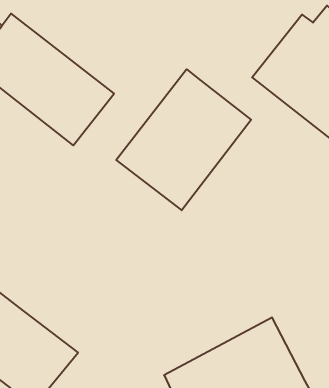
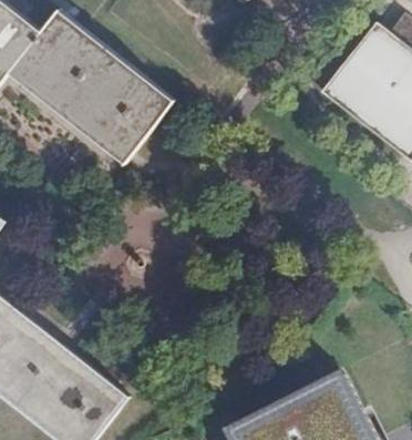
building: [116,69,251,210] -> none

